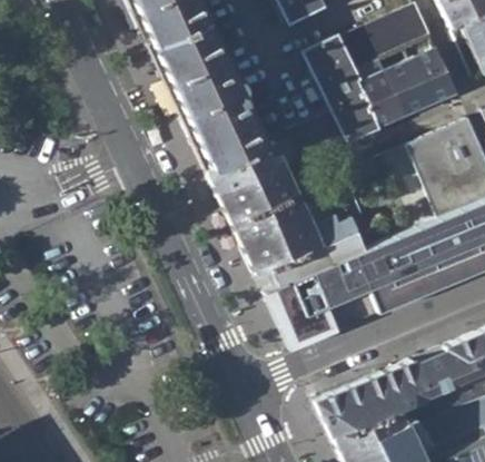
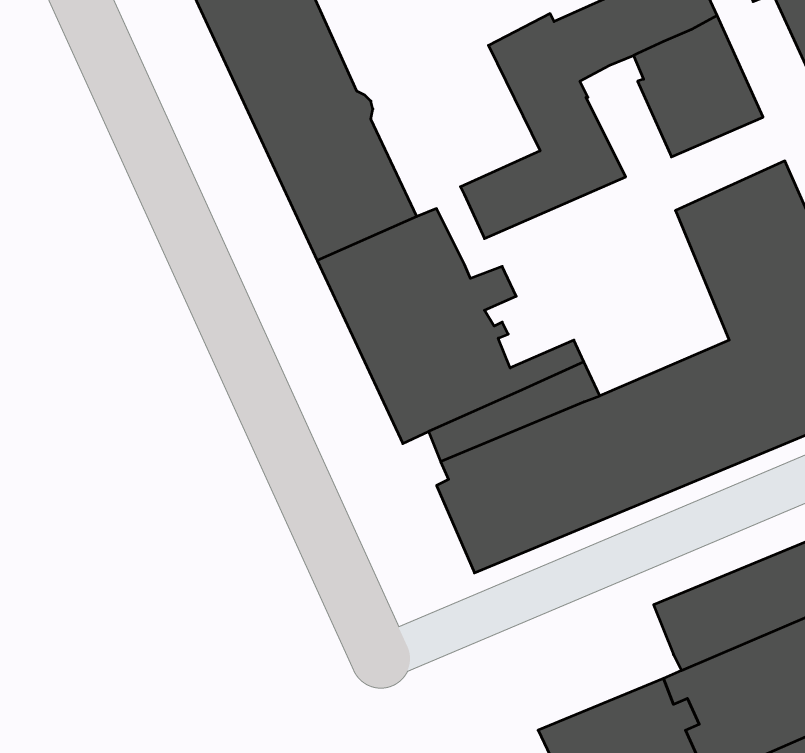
building: [356,58,407,126] -> none
building: [316,365,413,435] -> none

